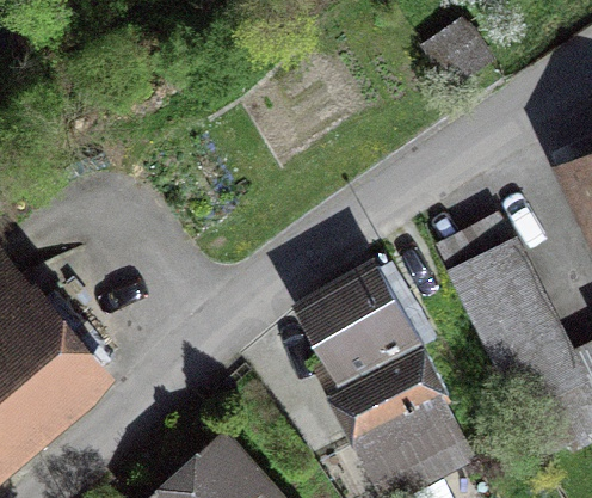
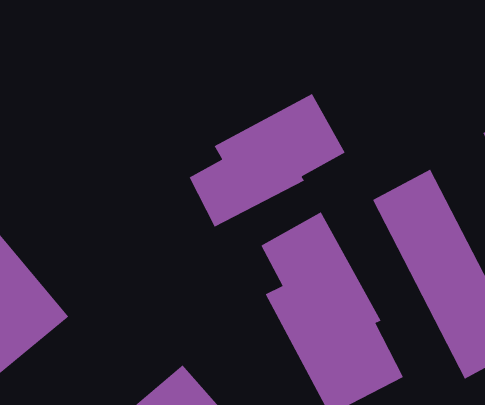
building: none -> [189,93,345,228]

